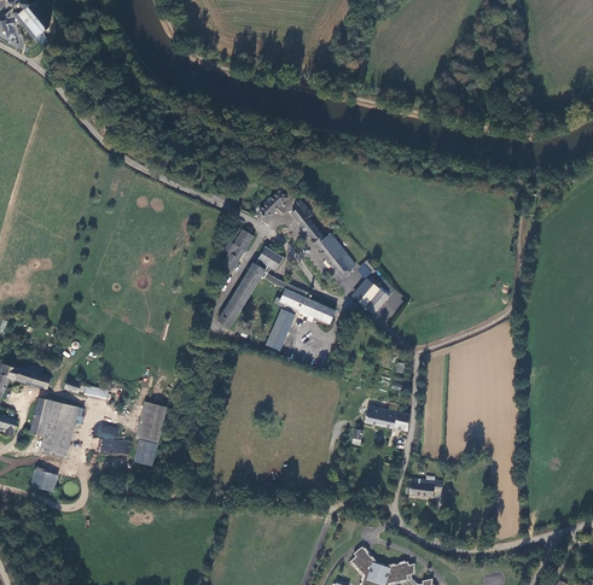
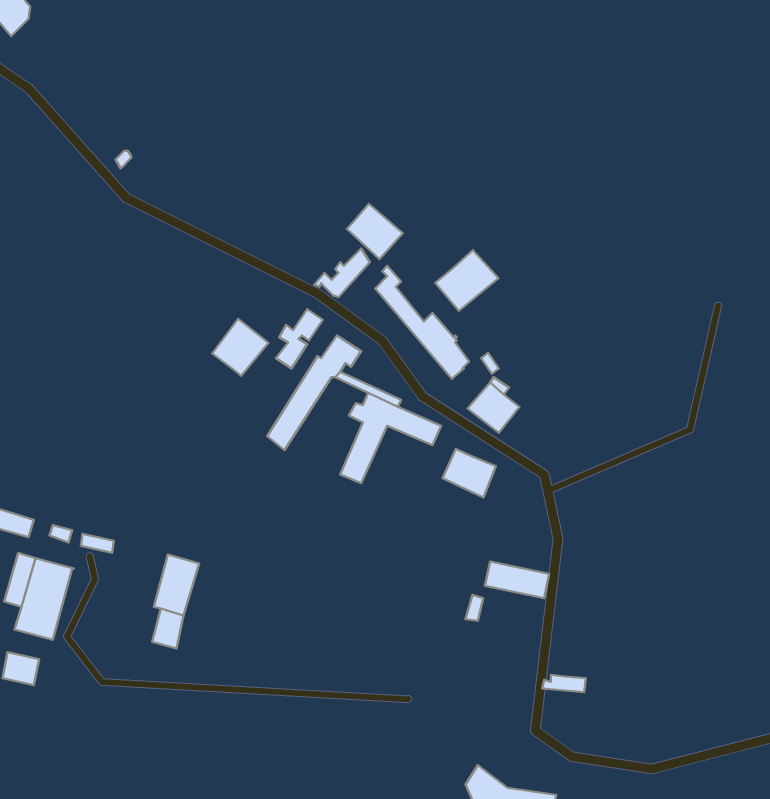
building: none -> [347,204,403,259]
building: none -> [435,250,499,311]
building: none -> [212,319,268,376]
building: none -> [442,449,496,498]
building: [97,423,132,455] -> none

